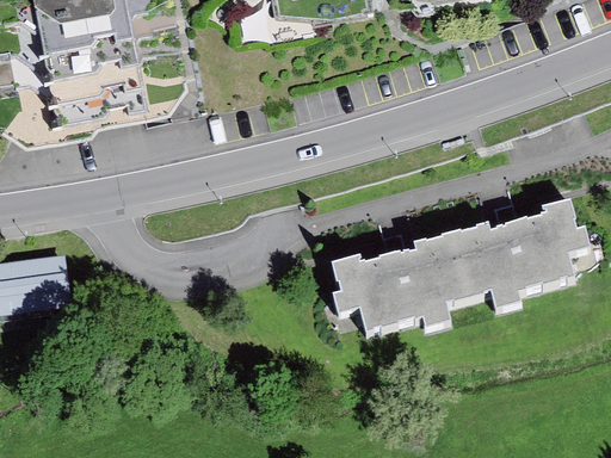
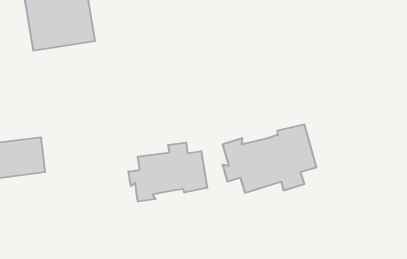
building: [453,198,587,310] -> none
building: none -> [129,142,207,201]

